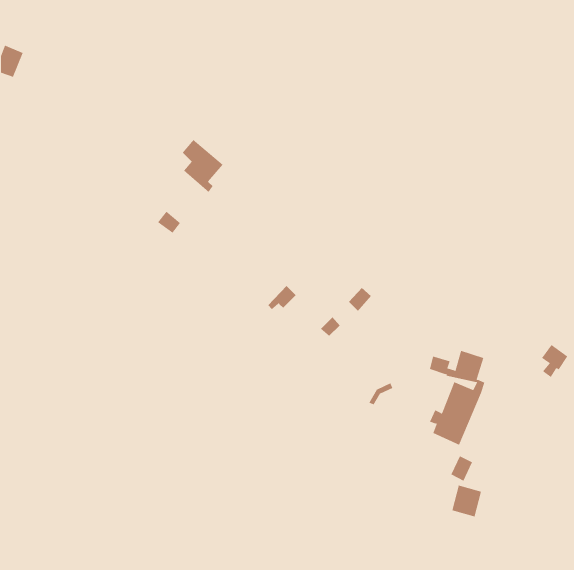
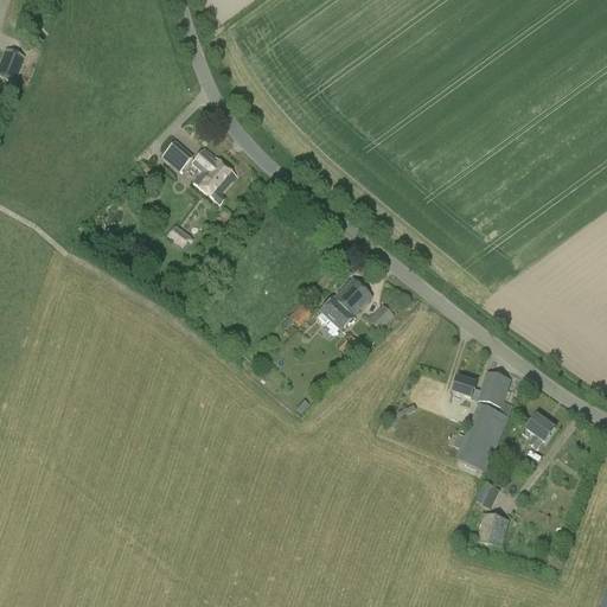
building: none -> [160,140,192,172]
building: none -> [318,277,371,330]
building: [541,344,568,378] -> [526,414,555,449]

